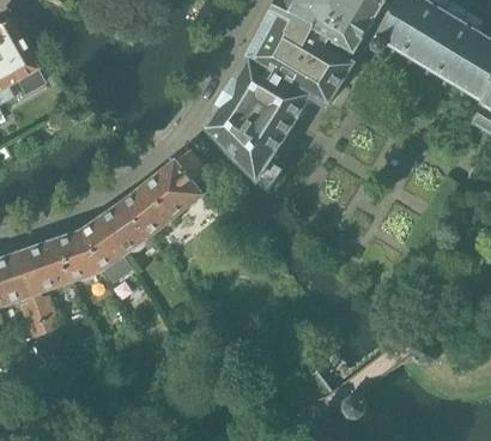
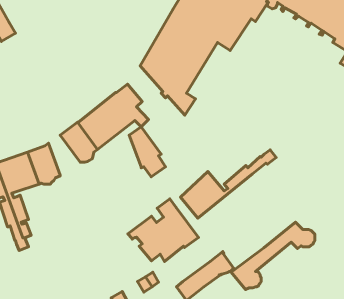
building: [87,216,135,282] -> [129,127,166,177]
building: none -> [180,150,276,218]
building: none -> [128,199,198,261]

